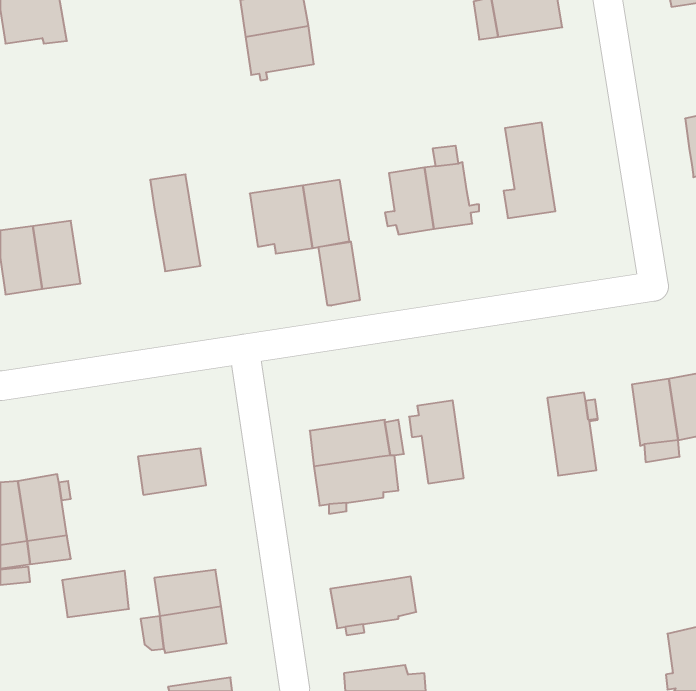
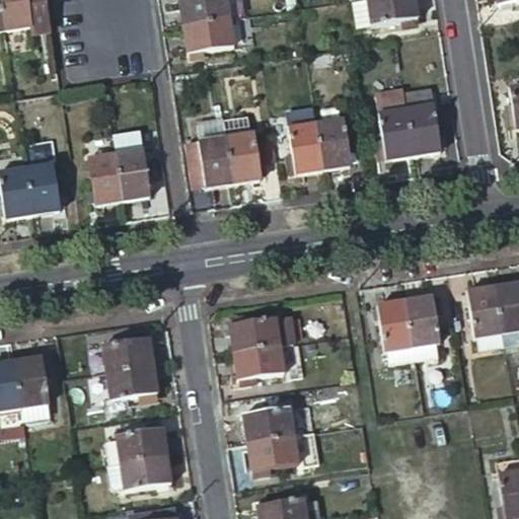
building: none -> [406,90,442,157]
building: none -> [87,154,124,206]
building: [319,242,360,306] -> none
building: [409,400,464,483] -> [375,296,416,358]
building: none -> [242,404,294,438]
building: [62,571,129,617] -> [107,361,157,395]

